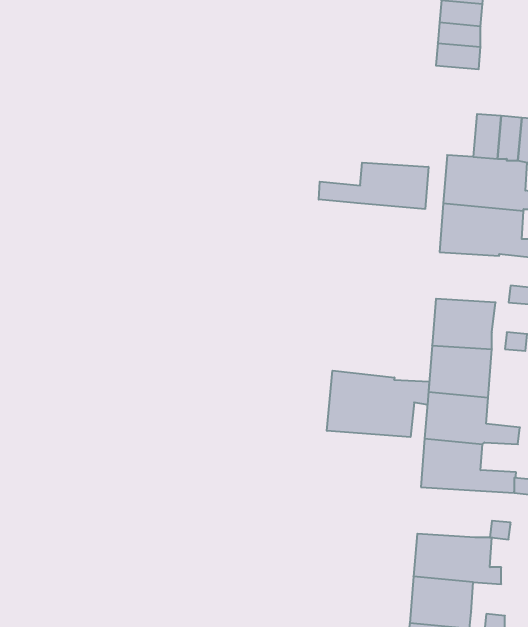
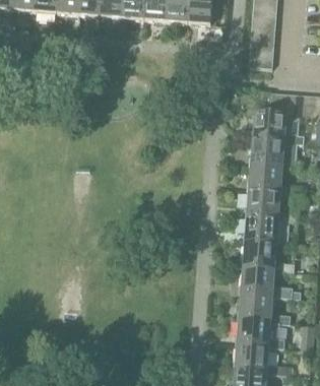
building: [319,163,428,209] -> none
building: none -> [249,168,283,195]
building: [327,371,429,437] -> none
building: none -> [239,296,273,323]

